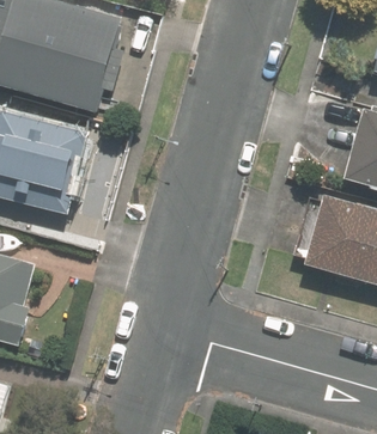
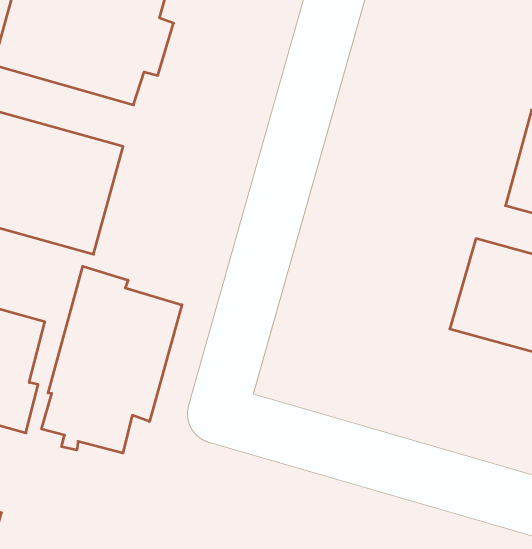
building: none -> [42,266,182,453]

